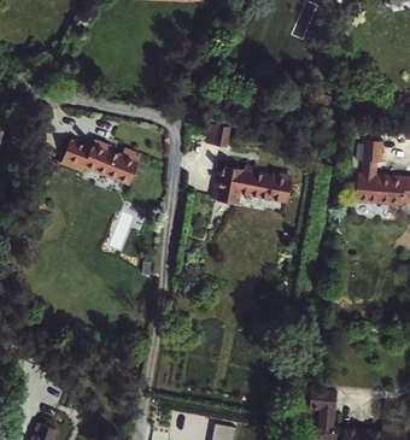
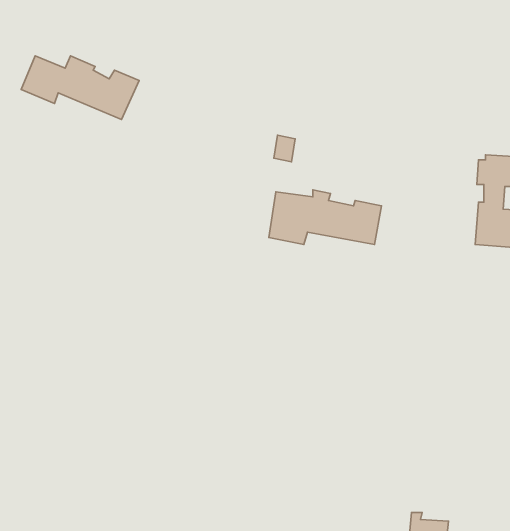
building: [60,140,141,183] -> [21,56,139,119]

